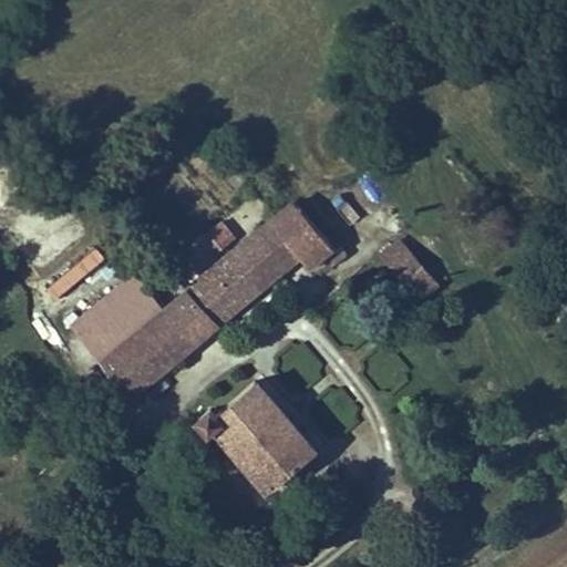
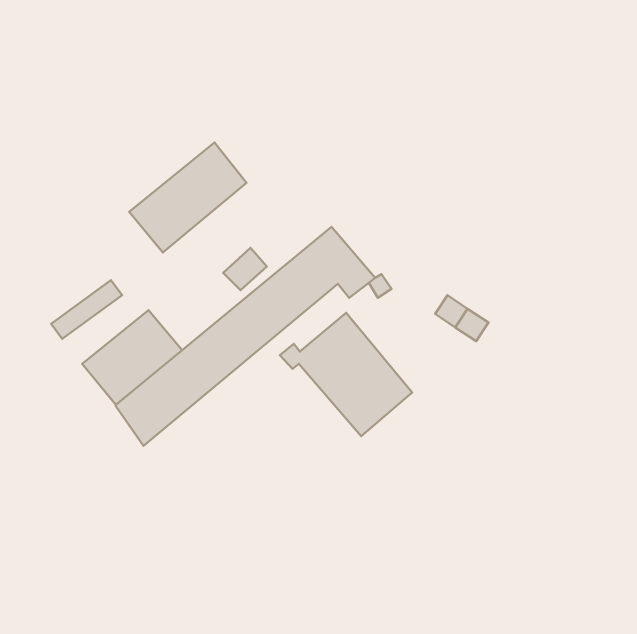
building: none -> [129,143,247,253]
building: [197,382,315,492] -> [280,313,412,436]

